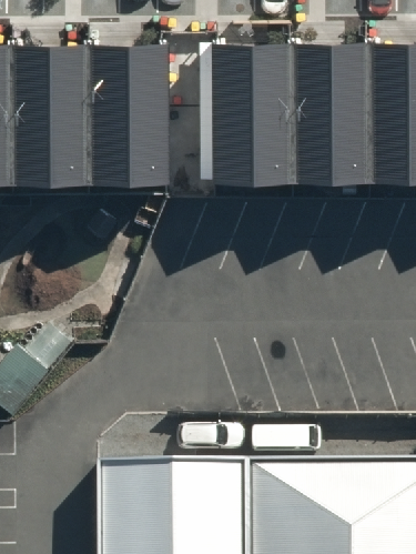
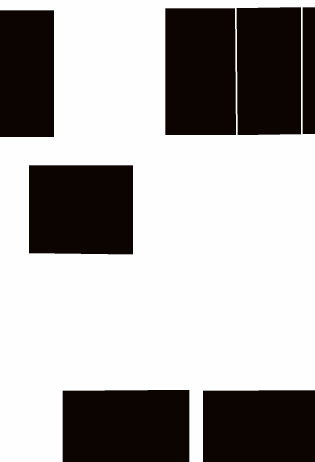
building: [88,44,170,189] -> none
building: none -> [28,165,134,255]

